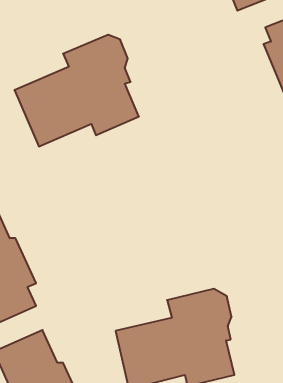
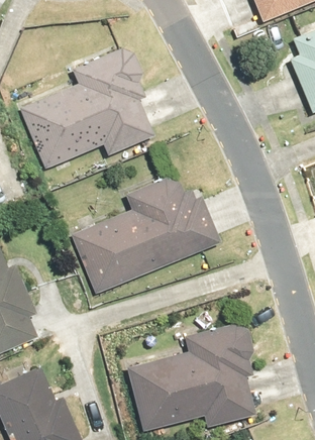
building: none -> [71,180,221,296]

